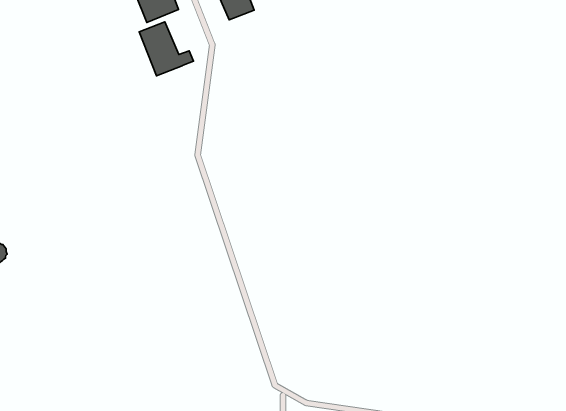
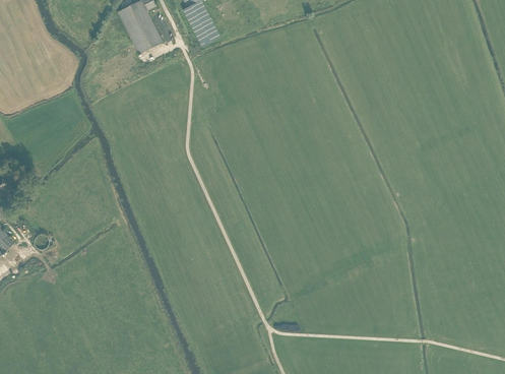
building: [139,22,193,76] -> none

